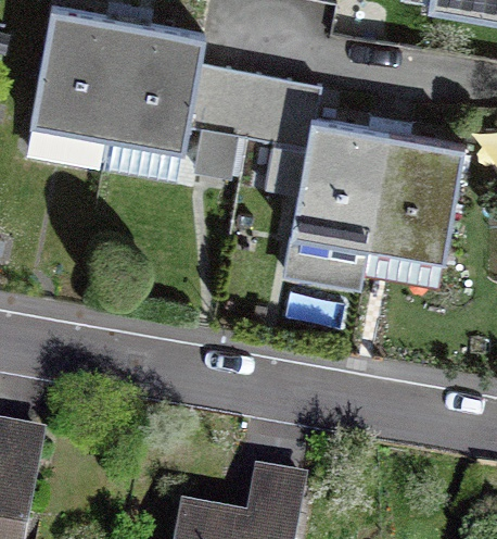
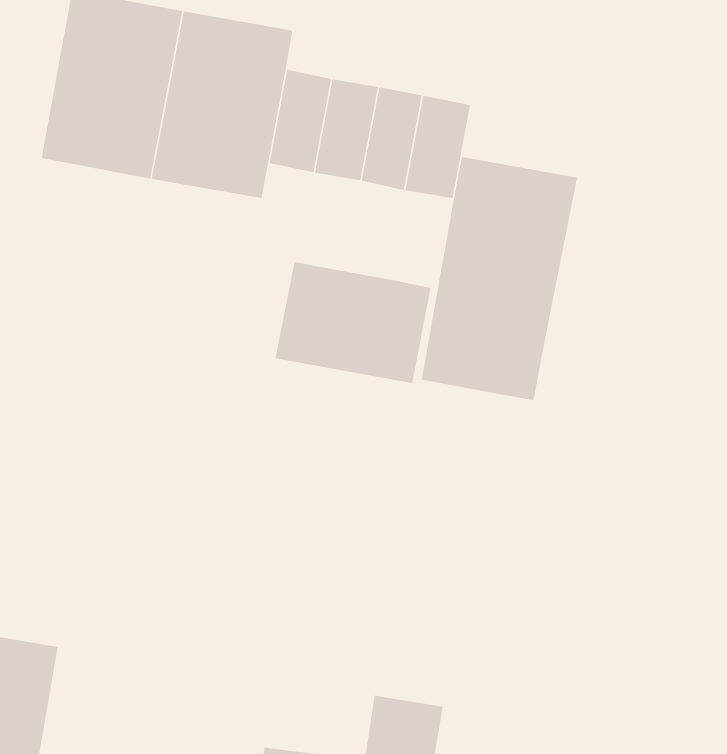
building: [368,136,468,261] -> none
building: none -> [275,261,431,384]

